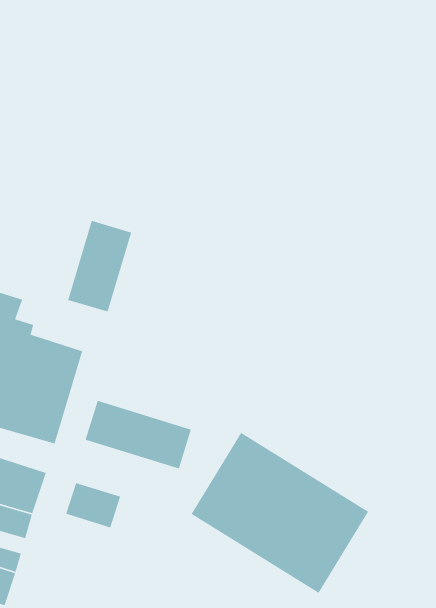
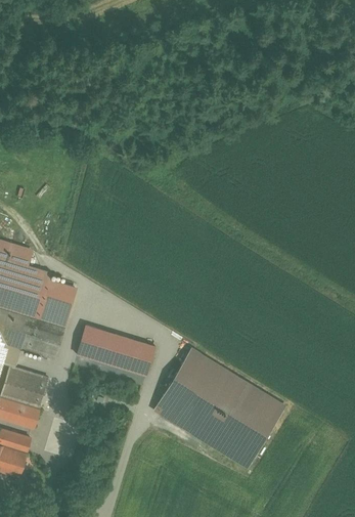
building: [67,220,132,313] -> none
building: [65,482,121,528] -> none

